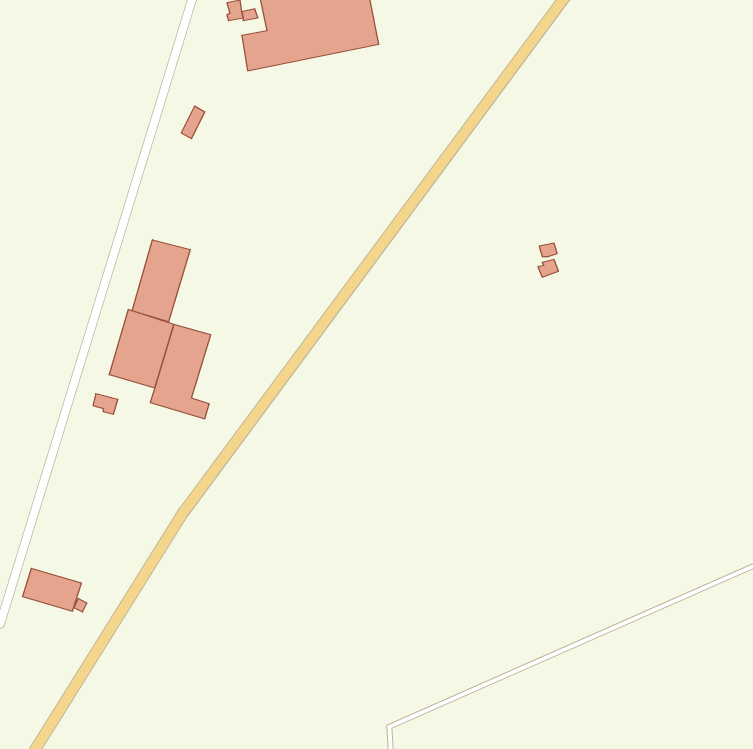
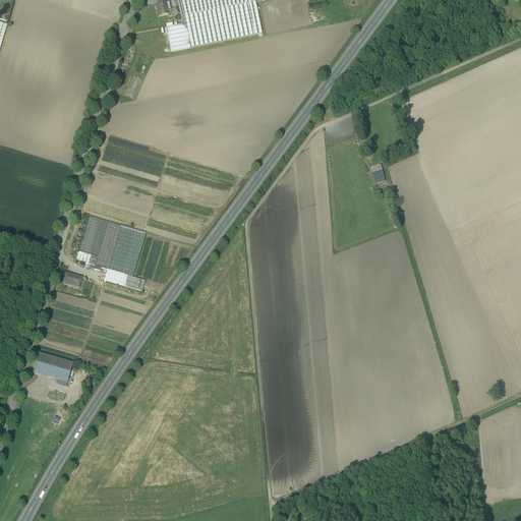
building: [132,240,190,322] -> none
building: [22,568,81,611] -> [33,351,73,381]

